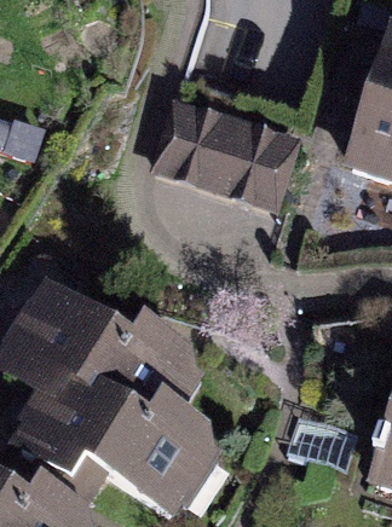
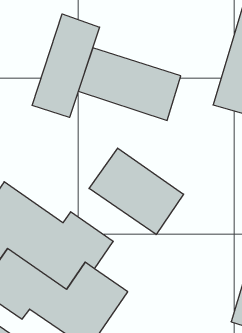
building: none -> [32,14,100,117]
building: none -> [89,148,184,235]

